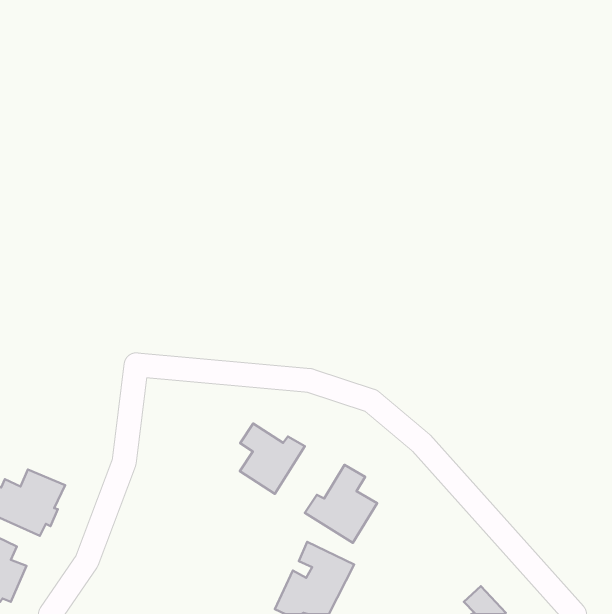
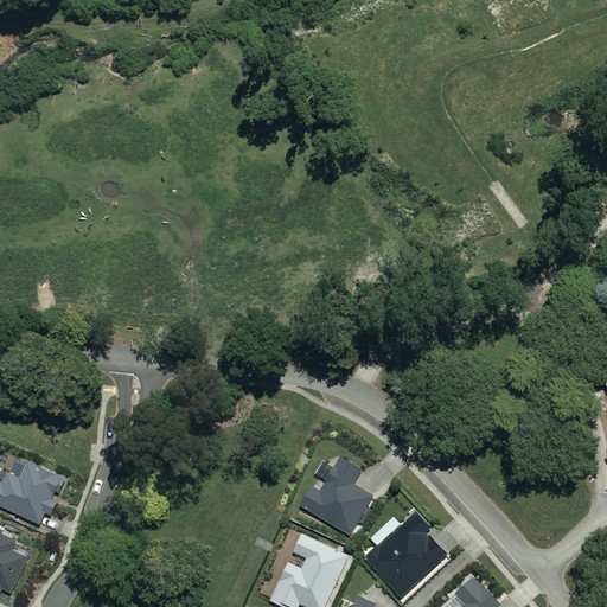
building: [240,423,305,494] -> none
building: none -> [364,513,446,598]

